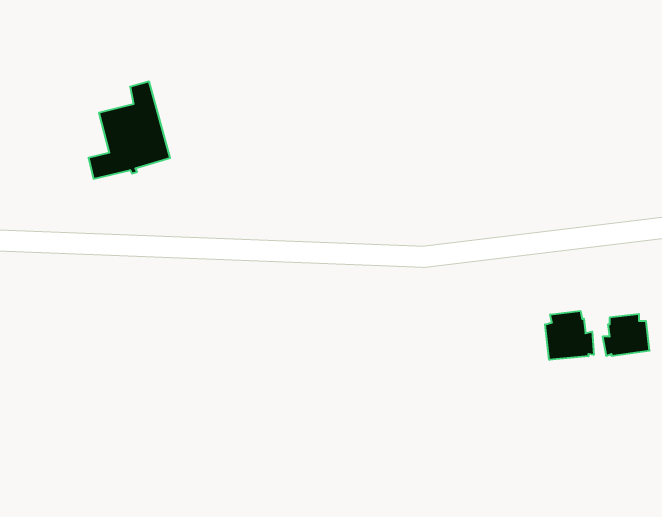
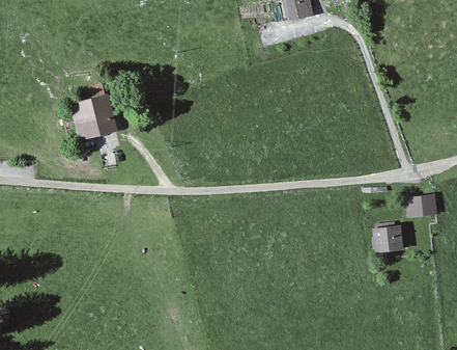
building: [545,311,594,360] -> none

